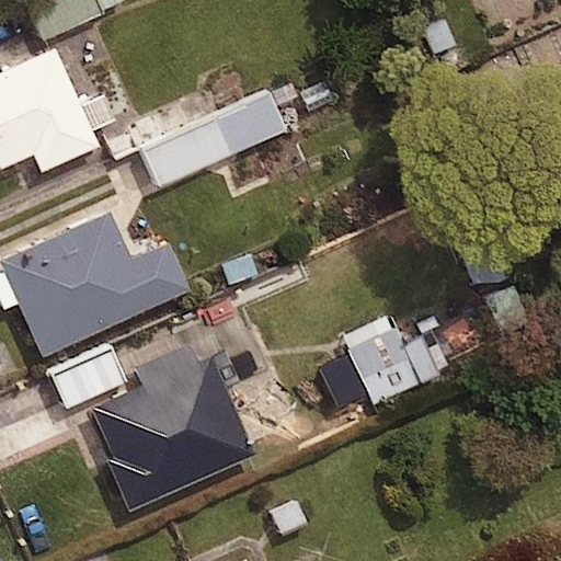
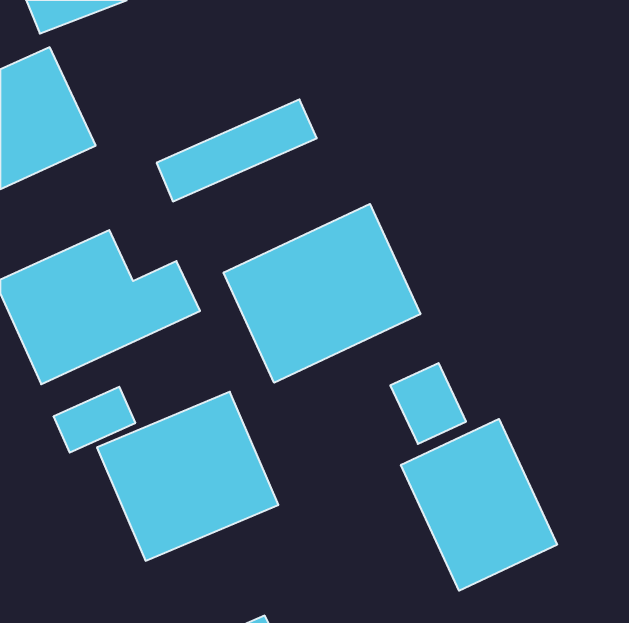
building: none -> [224,204,420,383]
building: none -> [401,419,557,591]

